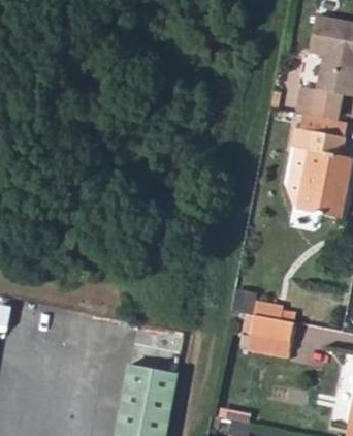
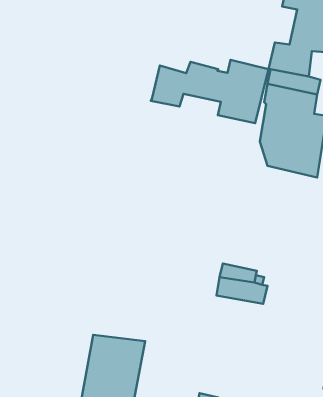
building: none -> [151,60,268,123]

